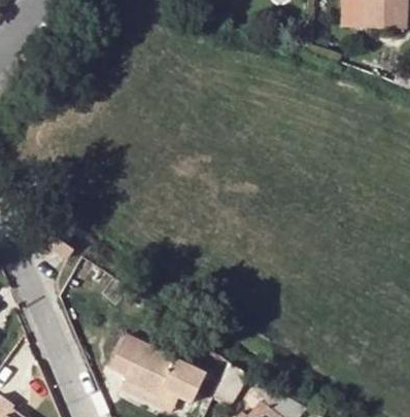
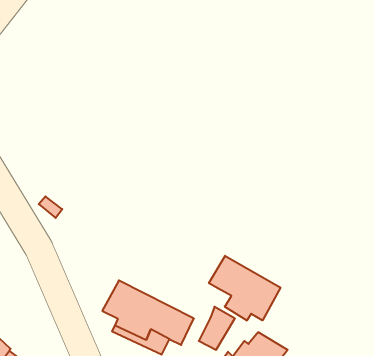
building: none -> [209,256,280,321]

